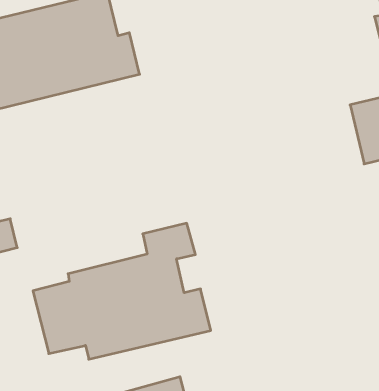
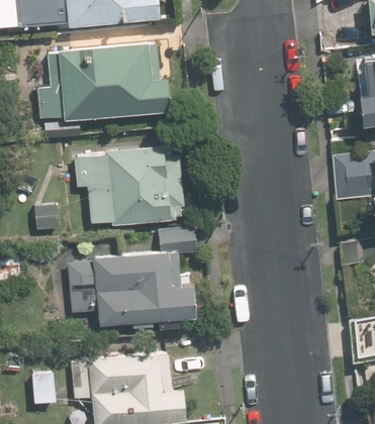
building: none -> [72,146,184,227]

